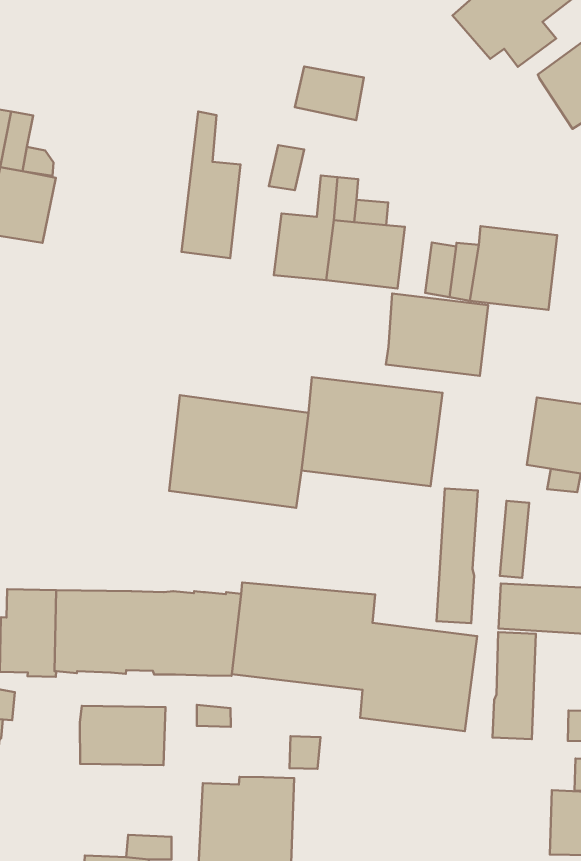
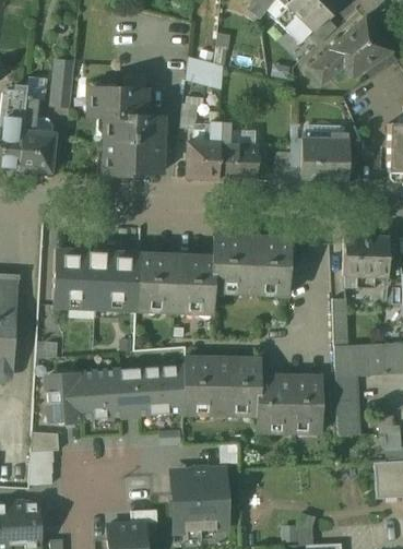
building: none -> [52,59,74,99]
building: none -> [308,51,343,86]
building: none -> [88,87,134,176]
building: [386,293,488,376] -> none
building: none -> [55,250,139,309]
building: [436,488,478,623] -> none
building: [80,706,165,765] -> none

